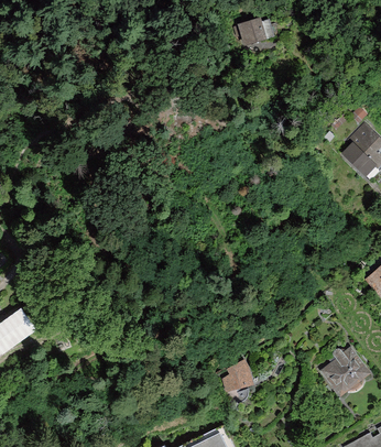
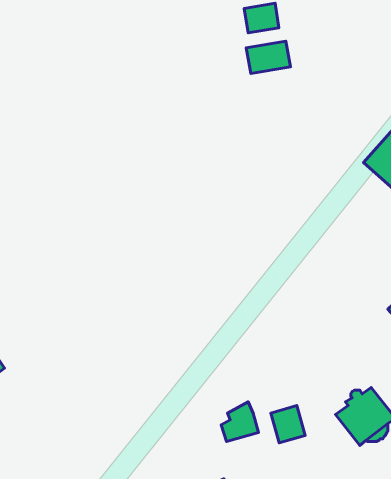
building: none -> [246,41,291,73]
building: none -> [271,405,305,443]

